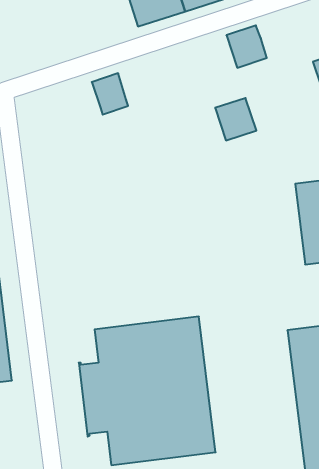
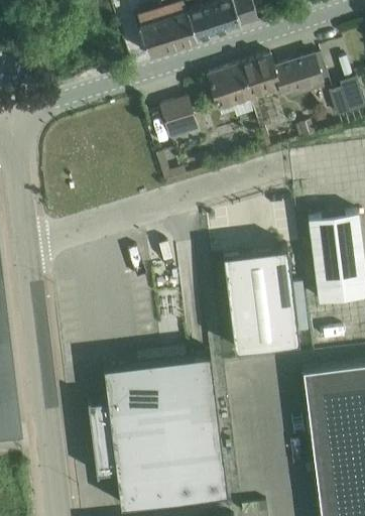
building: none -> [274,58,322,96]
building: [92,73,128,115] -> [160,101,198,143]
building: [215,98,256,140] -> [208,69,250,112]
building: none -> [223,249,300,353]

